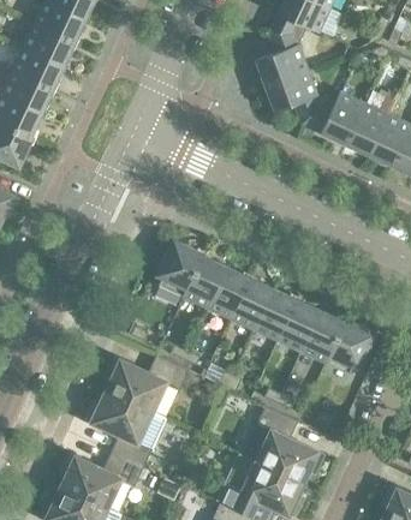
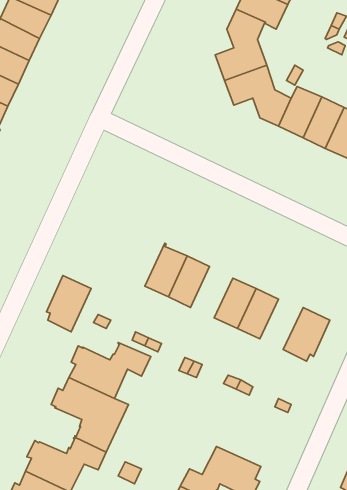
building: [157,239,203,297] -> [47,276,91,332]
building: [230,276,273,329] -> none
building: [300,310,345,361] -> none
building: [242,405,320,482] -> none

